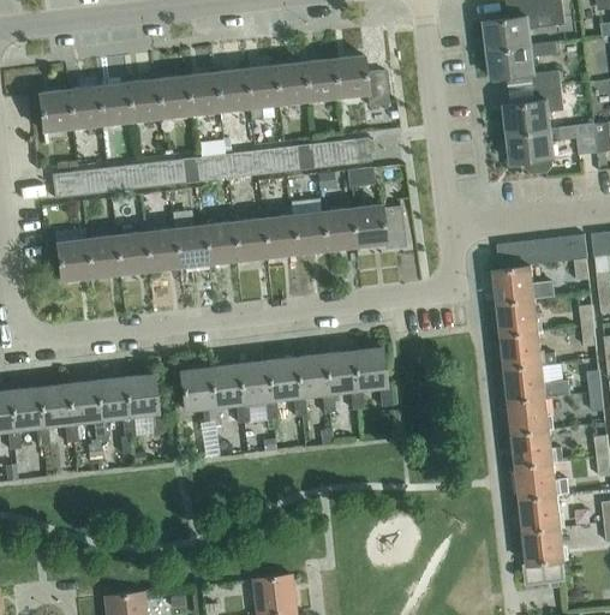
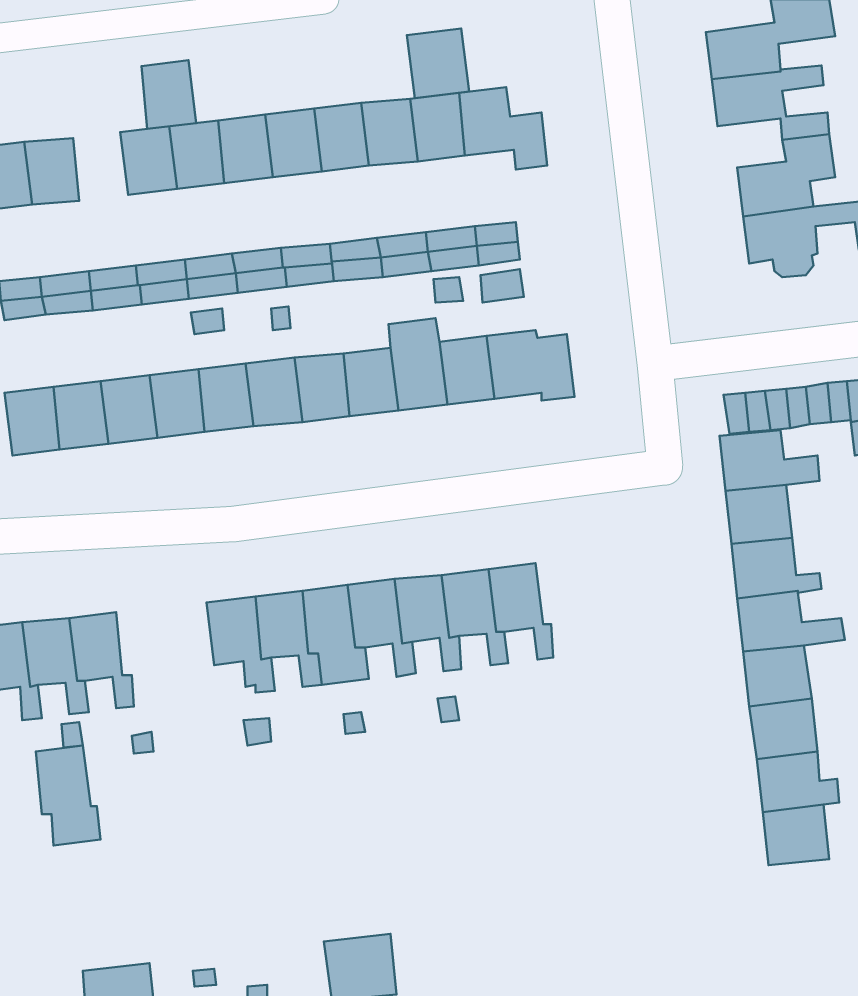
building: none -> [407,29,469,98]
building: [97,83,131,125] -> [141,60,196,129]
building: [124,374,163,435] -> [36,746,101,846]
building: [522,529,564,586] -> none

